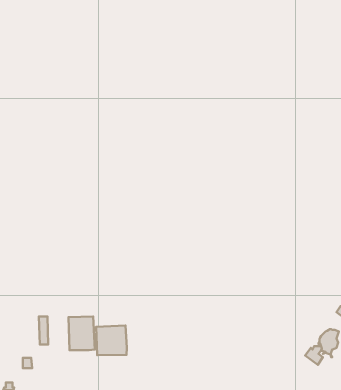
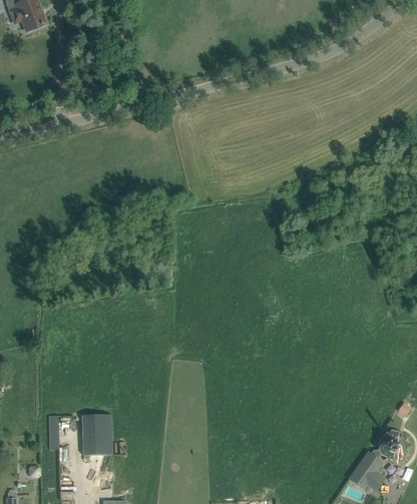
building: [96,325,127,355] -> none
building: none -> [350,461,385,491]

